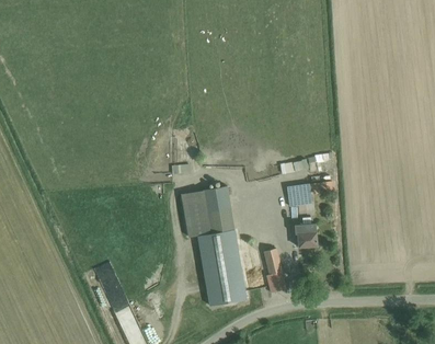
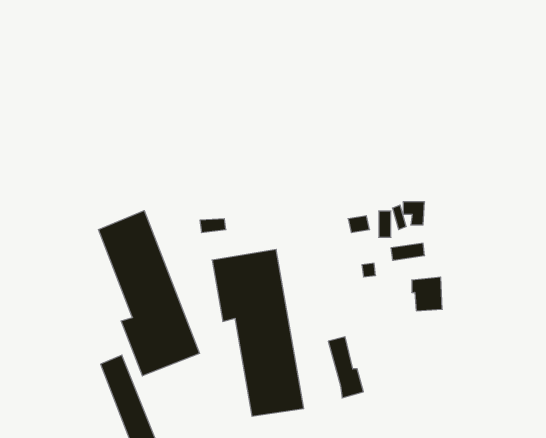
building: none -> [99,211,200,376]
building: [294,223,316,248] -> [412,277,442,311]

